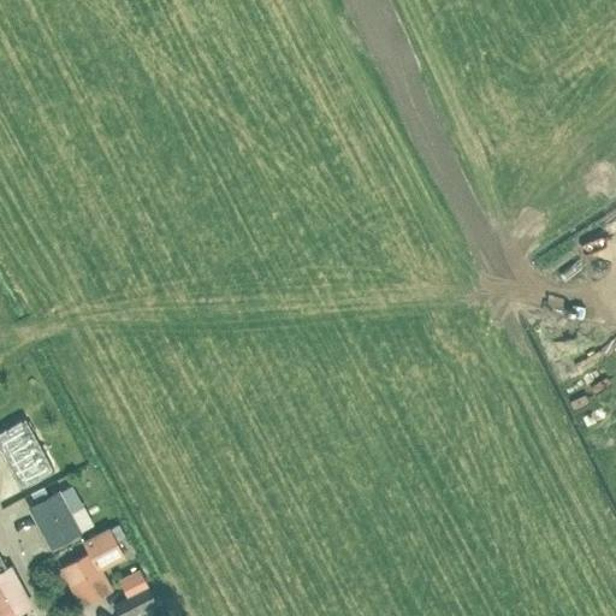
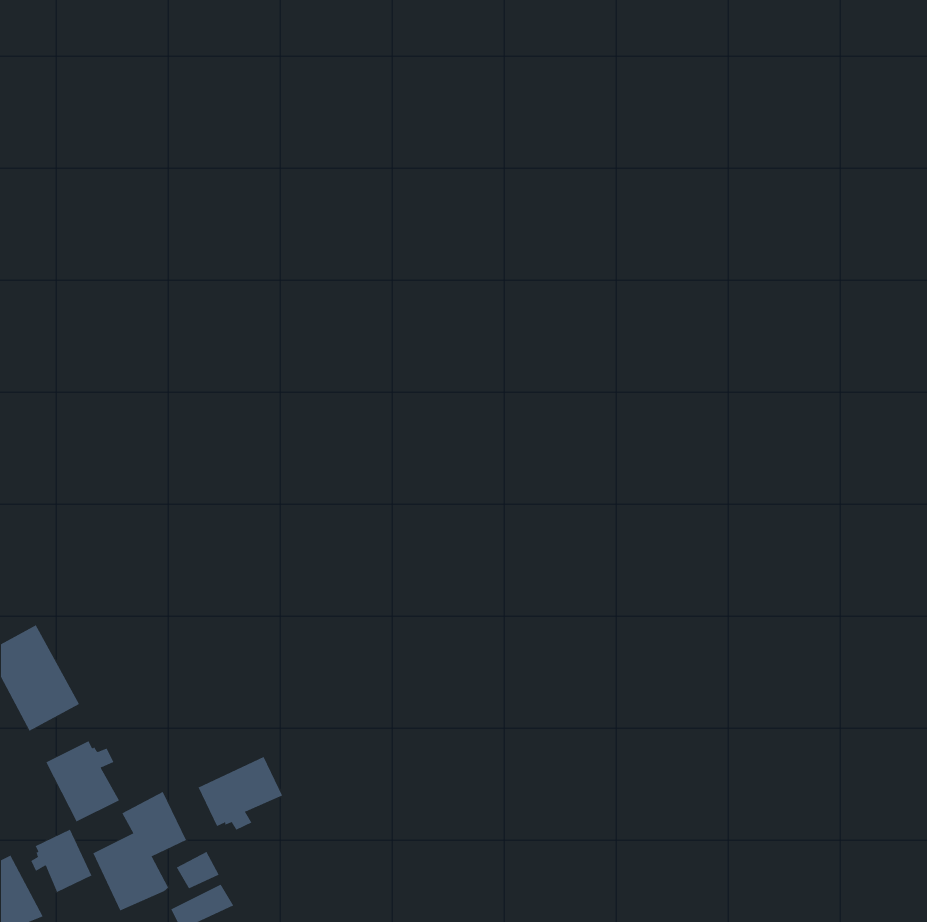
building: none -> [198,756,283,831]
building: none -> [31,829,92,893]

